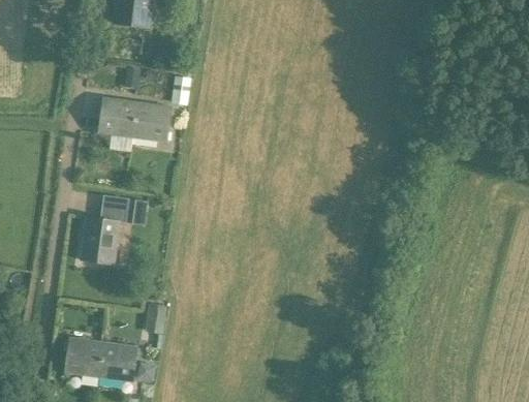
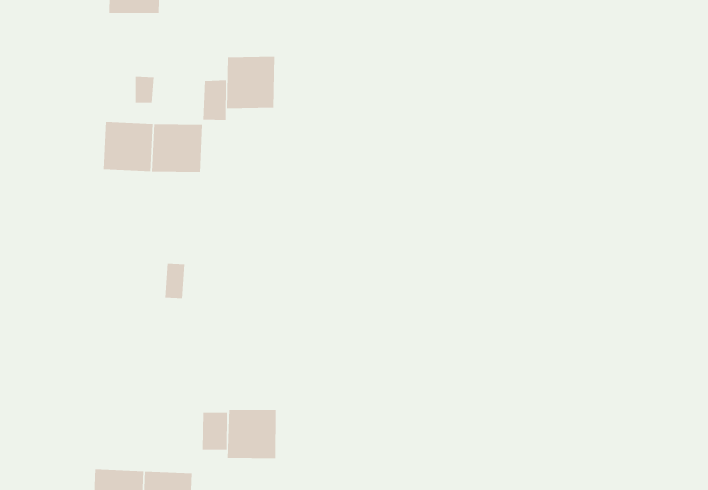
building: none -> [227,56,275,109]
building: [81,209,127,265] -> none
building: none -> [227,409,276,459]

